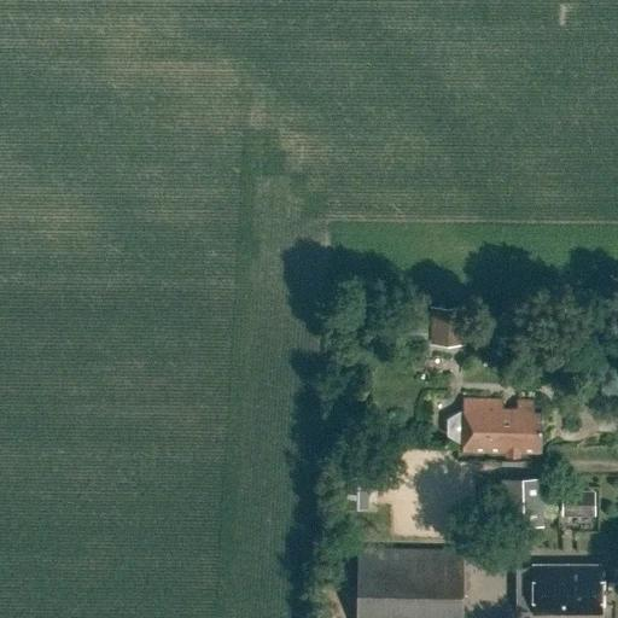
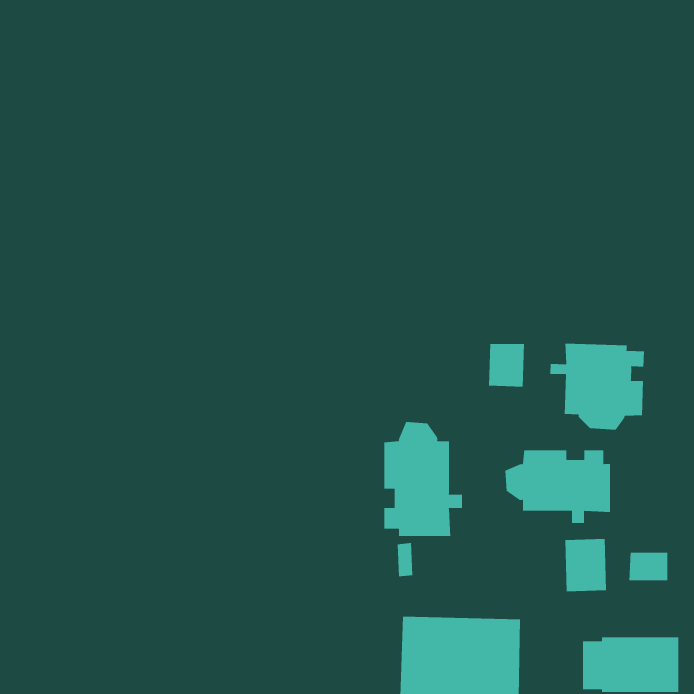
building: none -> [550,343,644,431]
building: none -> [384,421,463,537]

